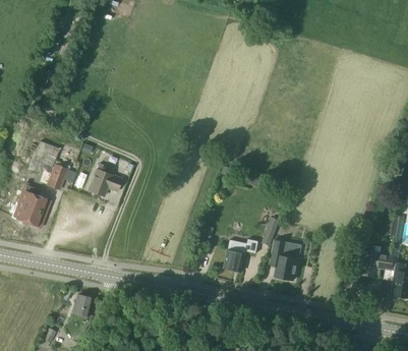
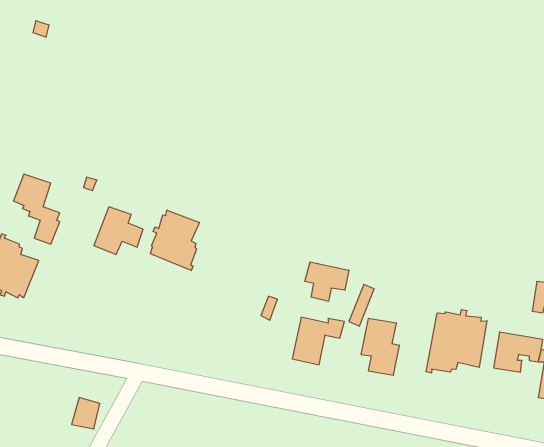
building: none -> [150,210,199,271]
building: none -> [305,262,349,301]
building: none -> [426,309,487,373]

